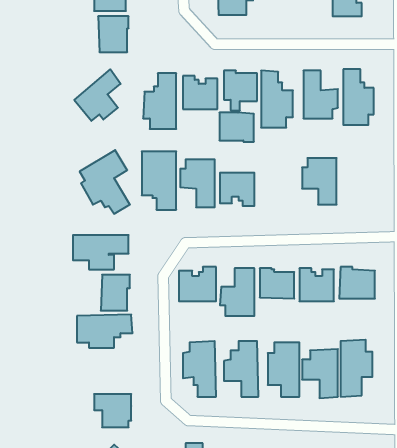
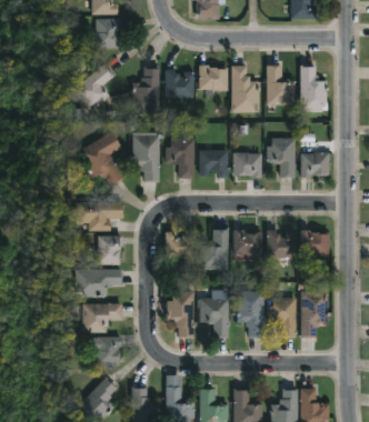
building: [219,113,254,142] -> [230,152,259,177]
building: none -> [301,152,329,178]
building: none -> [83,303,123,333]

